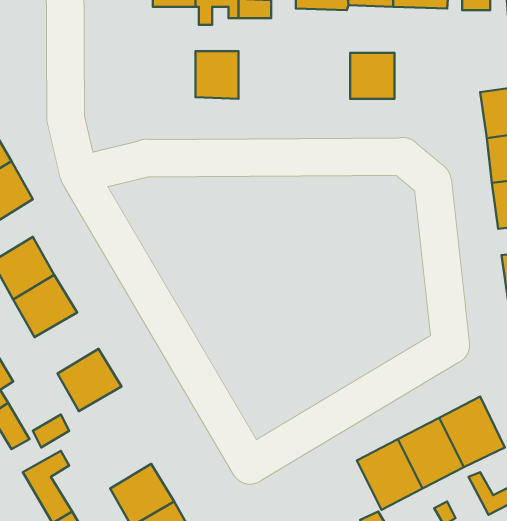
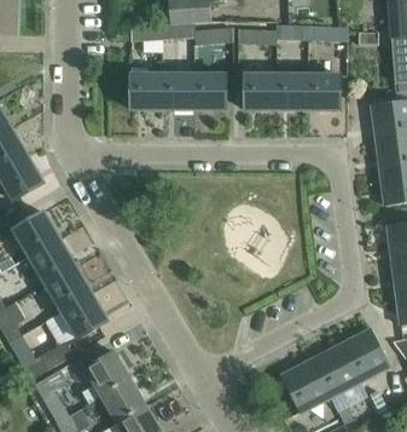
building: none -> [130,74,163,108]
building: none -> [194,74,227,109]
building: none -> [245,75,277,109]
building: none -> [309,75,341,109]
building: none -> [45,266,92,311]
building: none -> [83,350,130,402]

